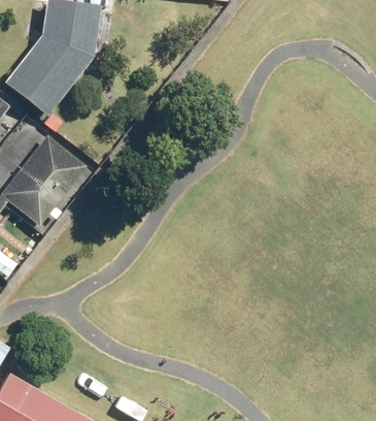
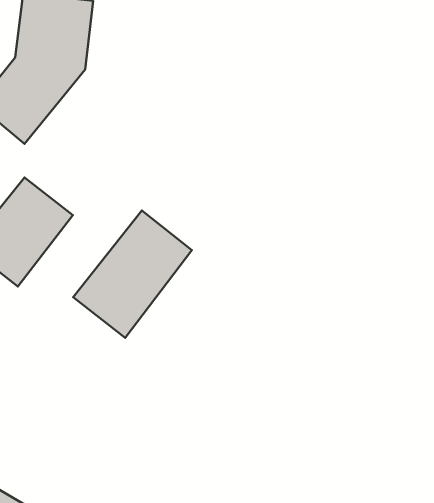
building: none -> [73,210,192,338]

